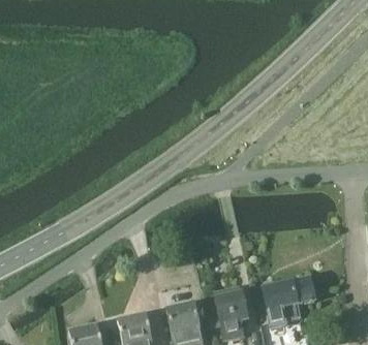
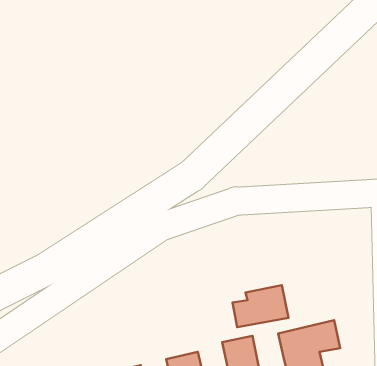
building: none -> [233,285,288,327]

